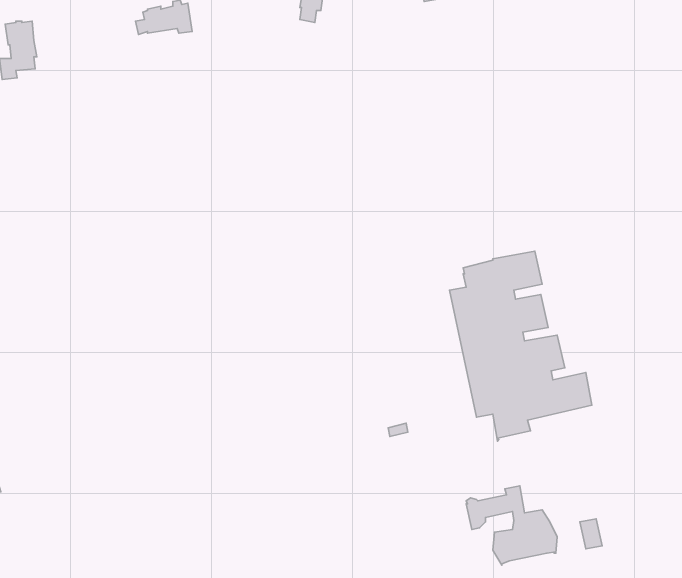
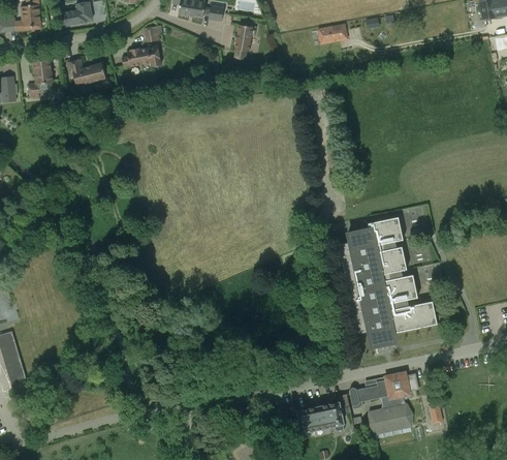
building: none -> [67,57,106,85]
building: none -> [386,372,418,398]
building: none -> [299,393,352,431]

